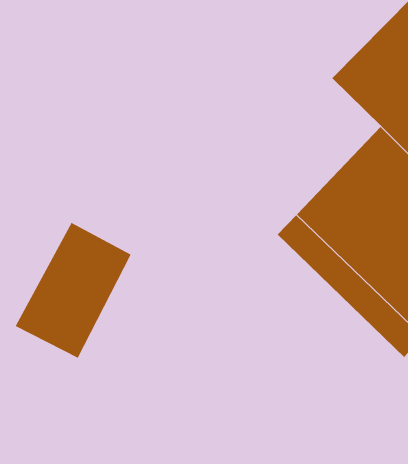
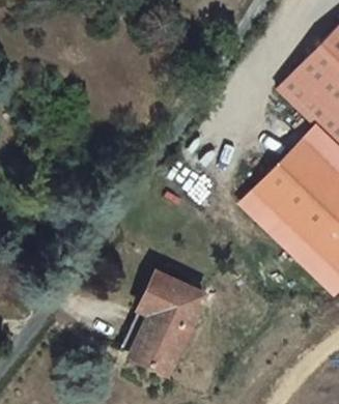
building: [15,222,131,359] -> [112,266,198,367]

